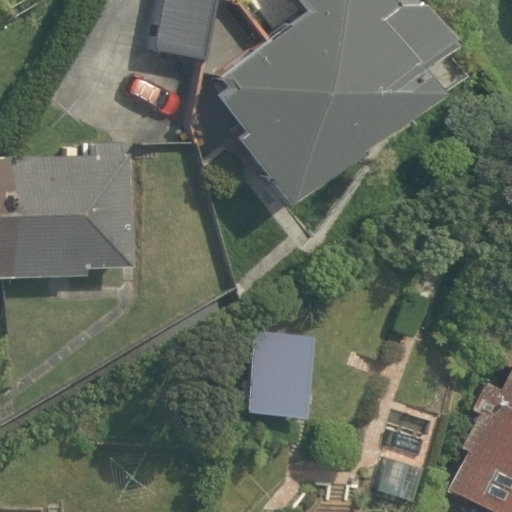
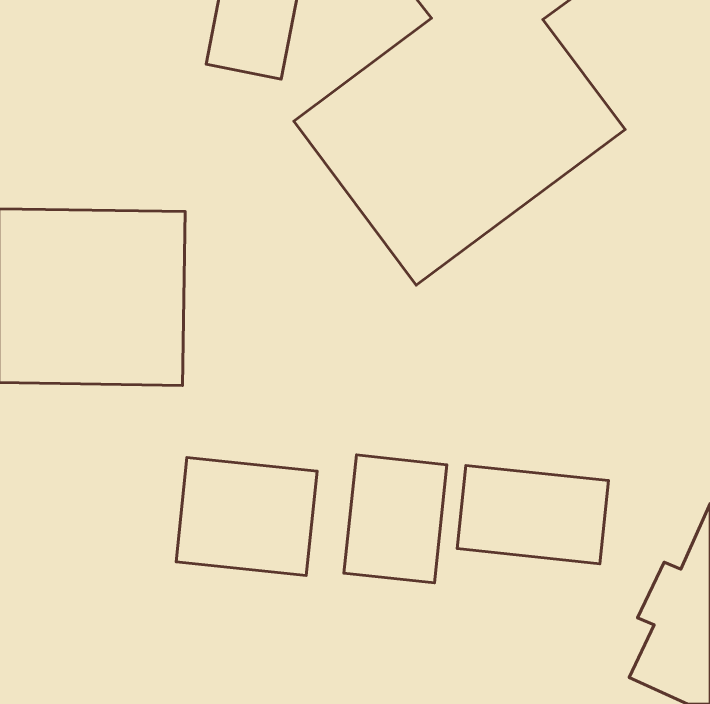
building: none -> [176,458,317,576]
building: none -> [457,465,609,564]

